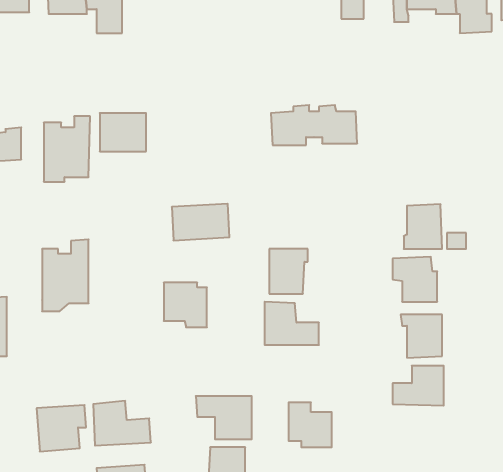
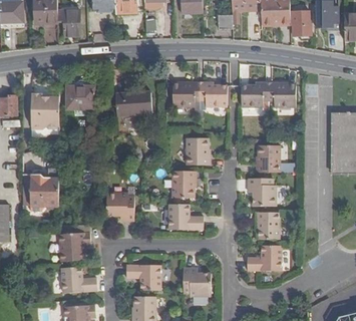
building: none -> [240,80,301,106]
building: none -> [186,139,211,165]
building: [172,204,229,240] -> [115,91,151,114]
building: [37,405,86,451] -> [58,232,89,261]

